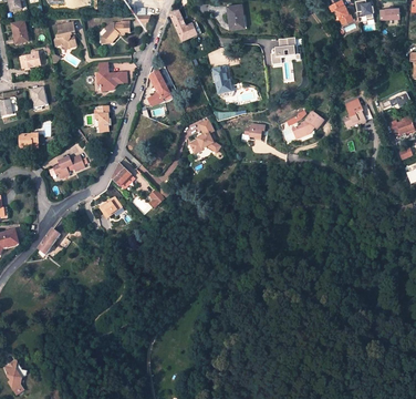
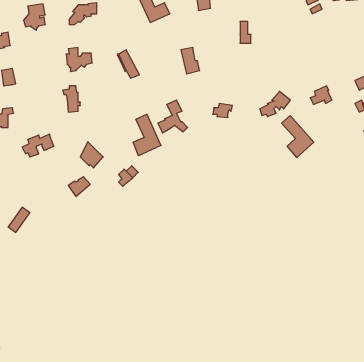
building: none -> [133,114,161,156]
building: none -> [282,116,314,158]

